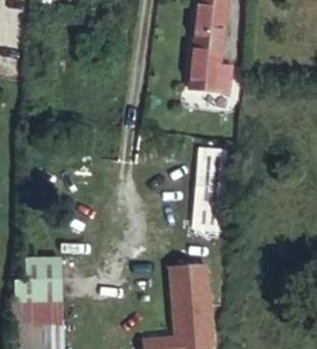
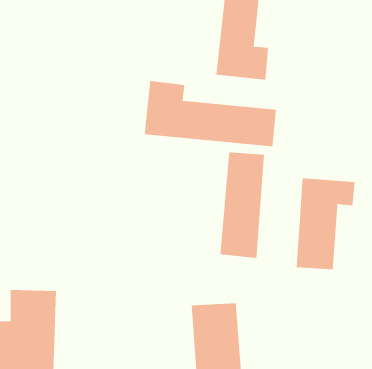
building: none -> [144,80,276,147]
building: none -> [296,177,355,270]

